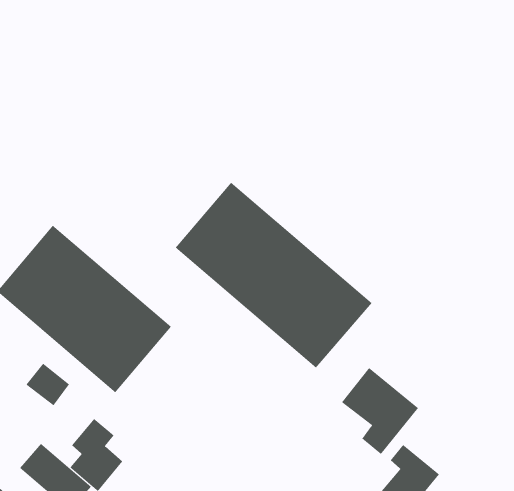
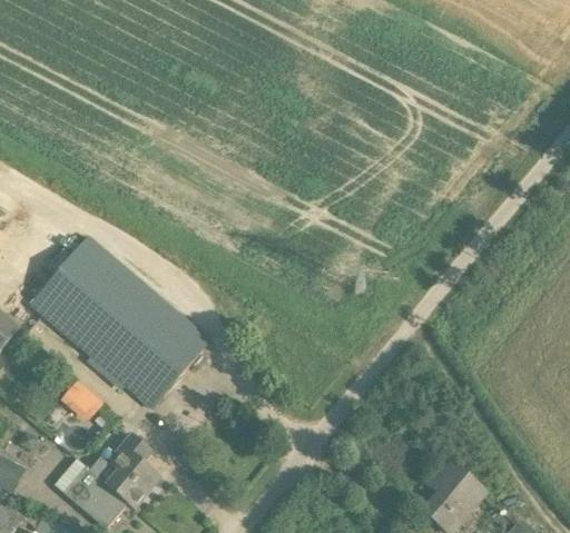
building: [175,182,372,369] -> none
building: [341,367,419,455] -> none

